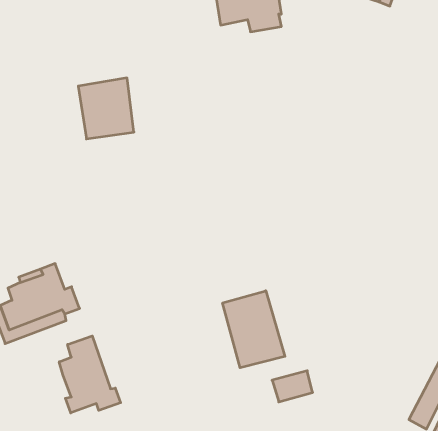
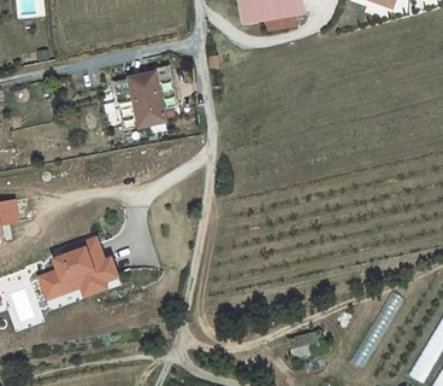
building: [223,291,285,368] -> none
building: [59,336,121,413] -> none

